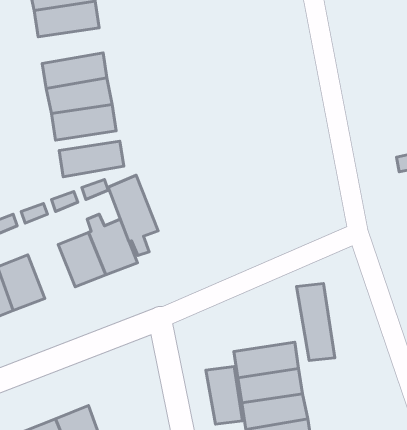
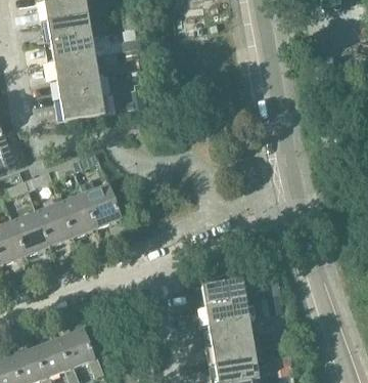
building: [59,141,124,177] -> [46,34,96,61]
building: [108,175,158,256] -> none
building: none -> [38,202,75,244]
building: [297,283,335,361] -> none
building: [206,367,243,424] -> none

